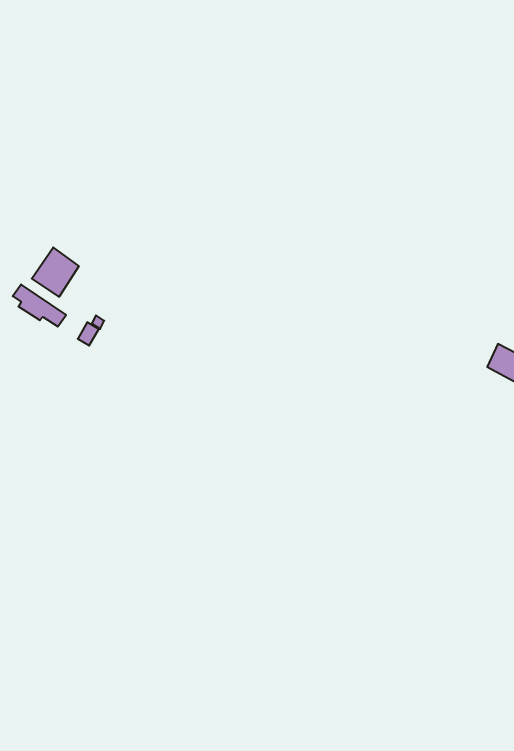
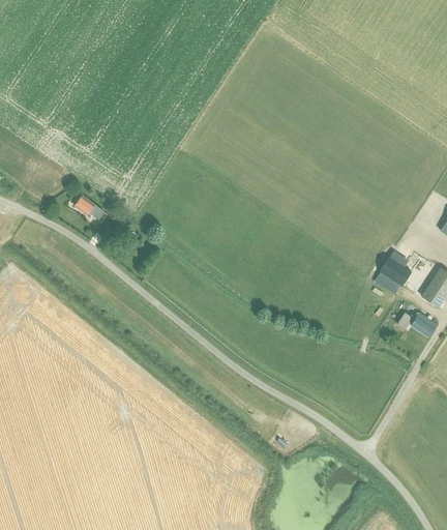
building: [32,247,79,297] -> none

